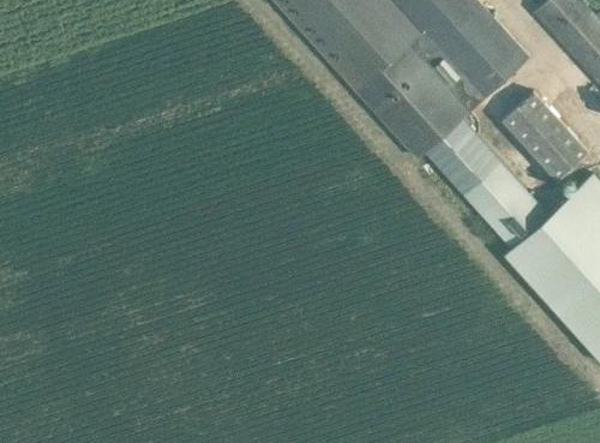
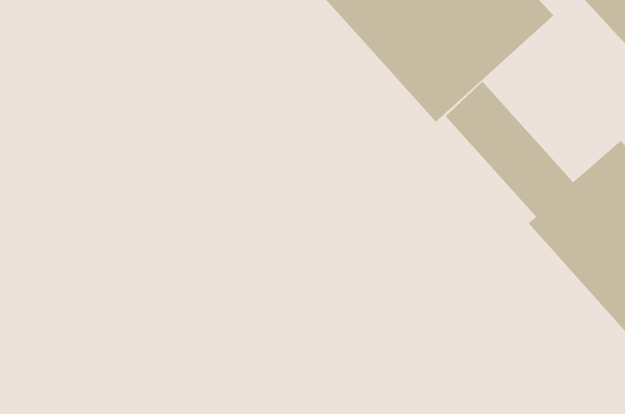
building: [503,92,589,182] -> none

